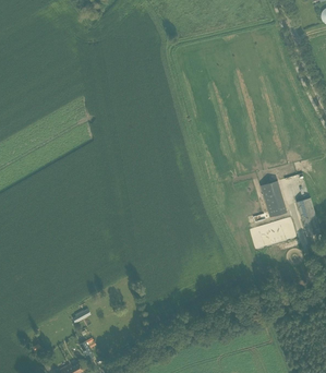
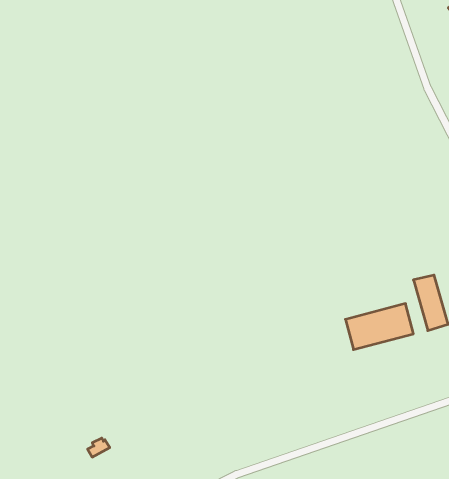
building: [261,180,288,217] -> none

